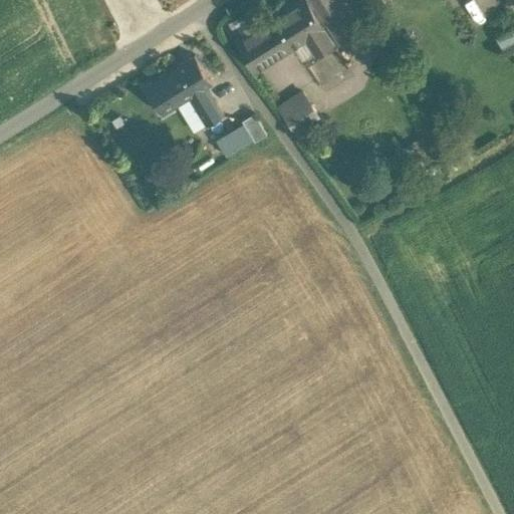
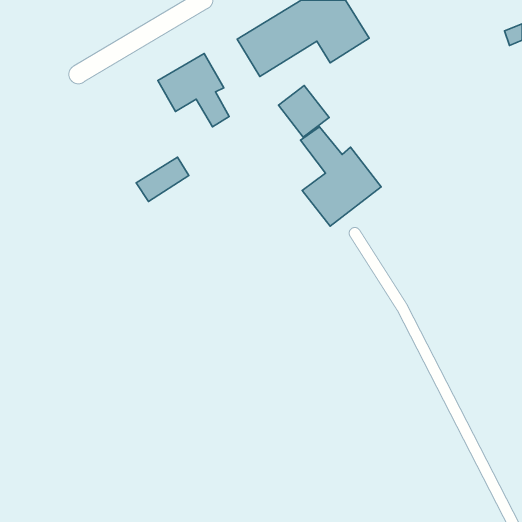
building: [211,115,262,159] -> [136,157,189,201]
building: none -> [301,127,381,226]

